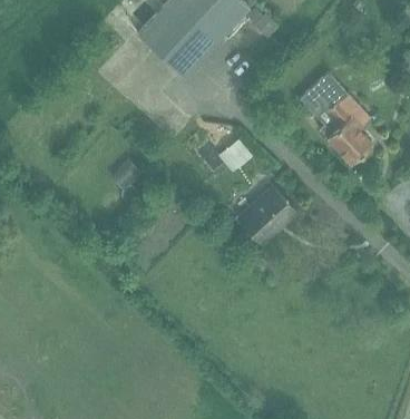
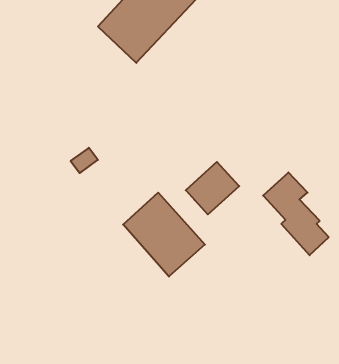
building: [299,71,371,163] -> [263,172,329,255]
building: none -> [123,193,205,277]

